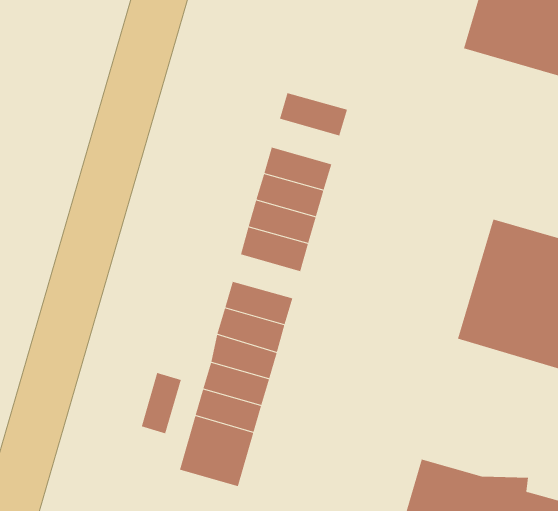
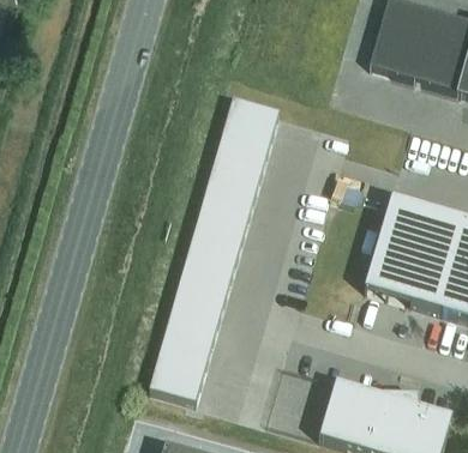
building: none -> [221,119,274,153]
building: none -> [191,223,244,256]
building: [141,372,181,434] -> none

